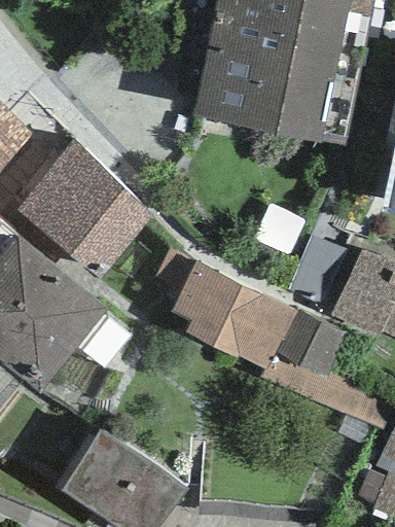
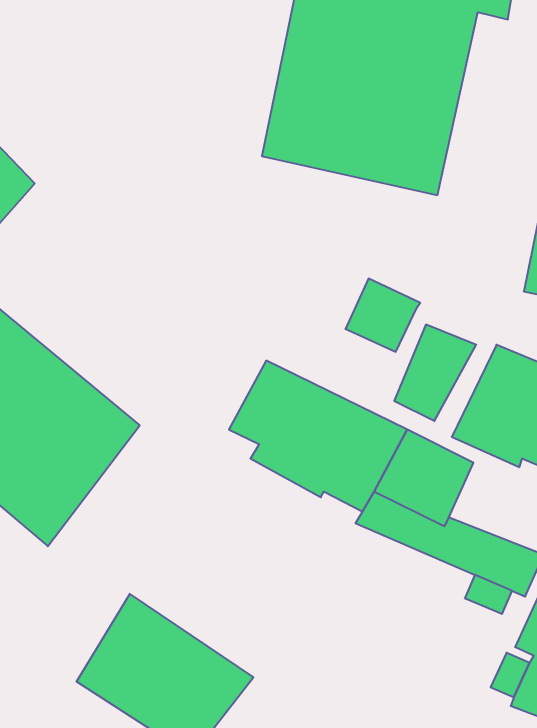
building: [16,137,152,277] -> none

